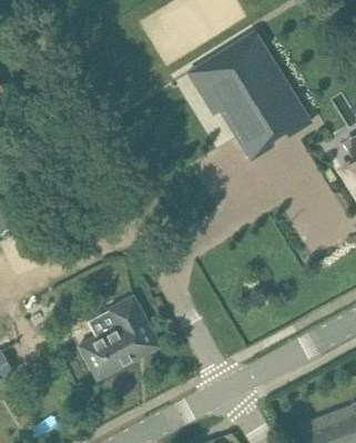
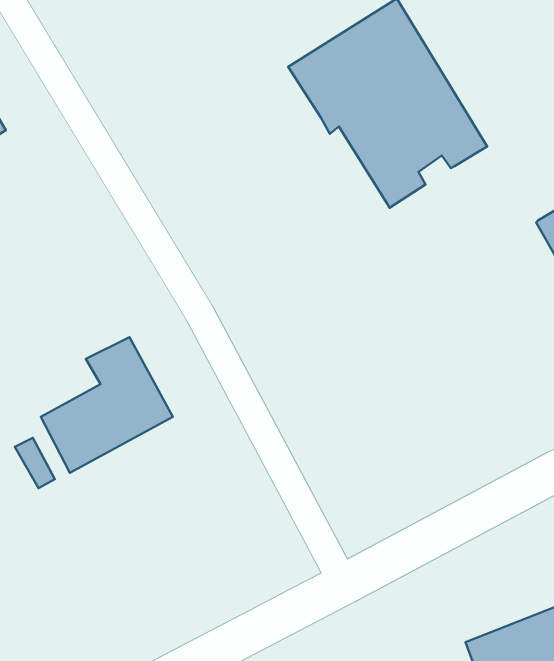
building: [79,296,160,380] -> [41,337,173,473]

